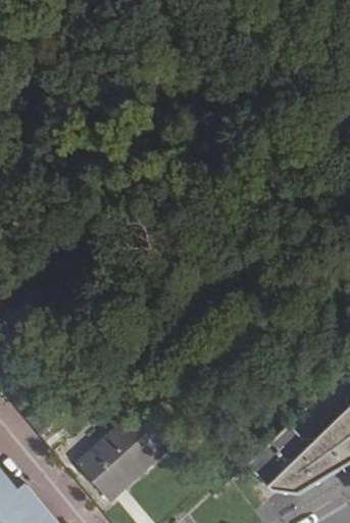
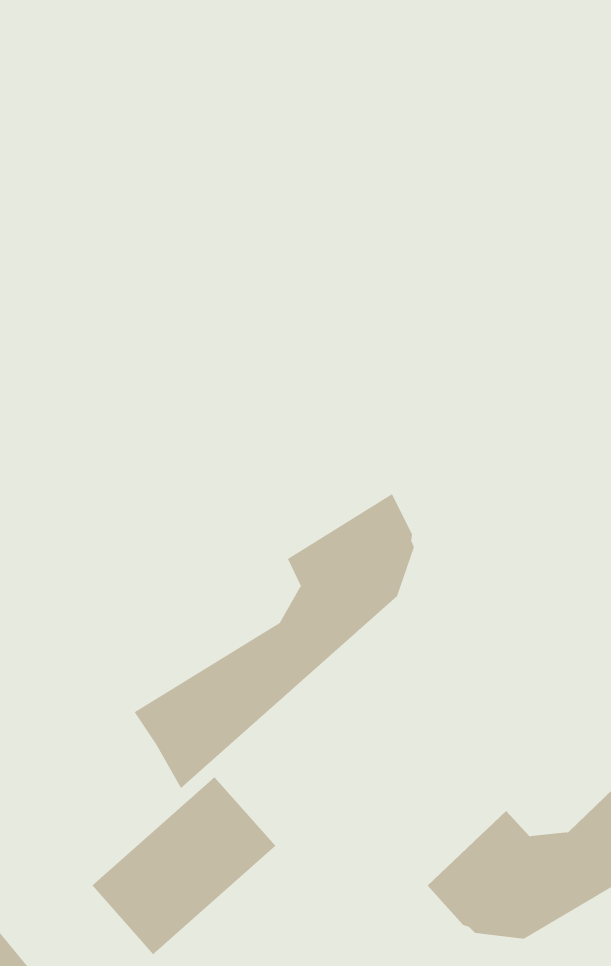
building: none -> [134,493,415,789]

